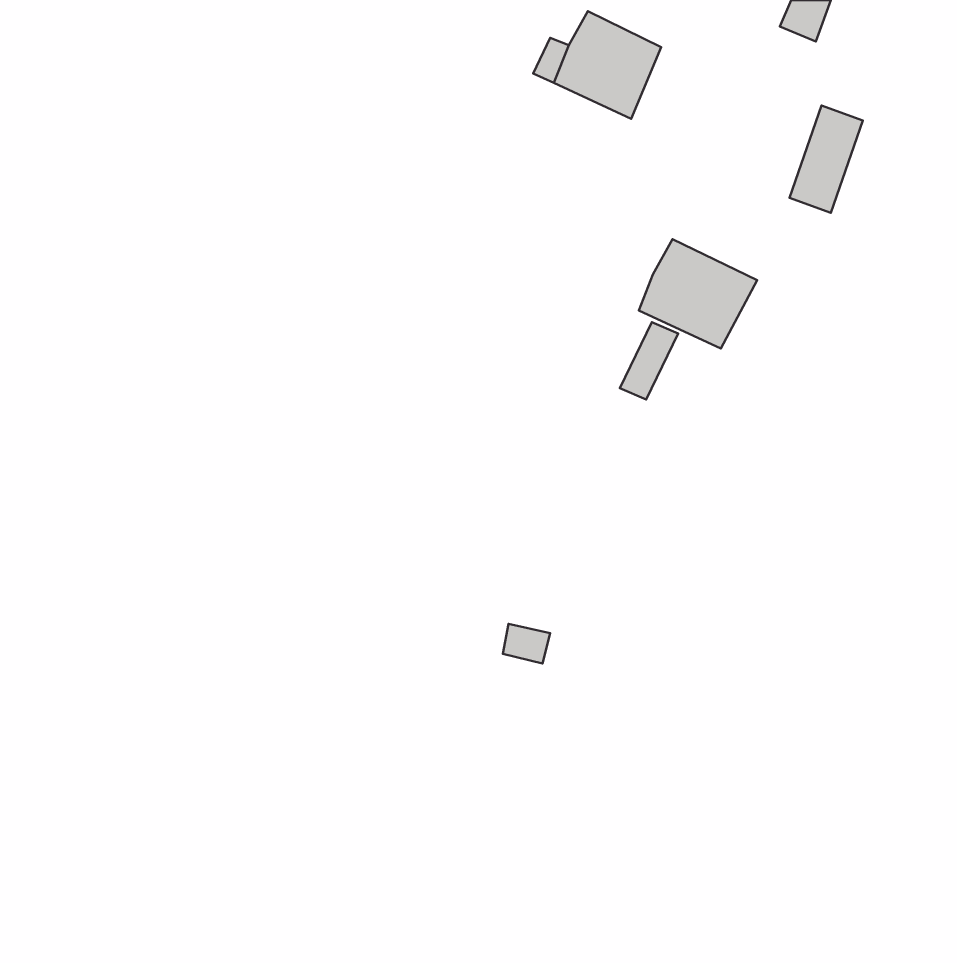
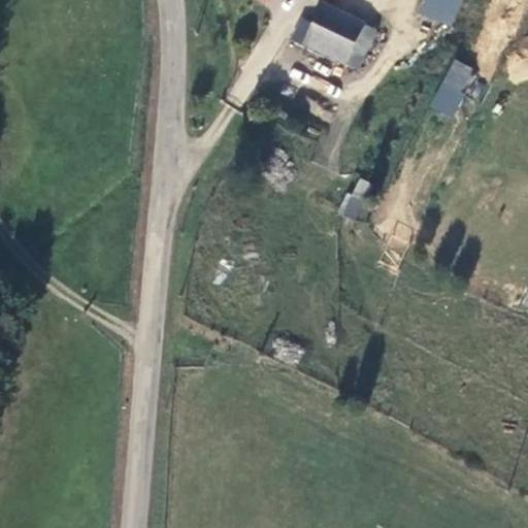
building: [639,239,757,349] -> none

